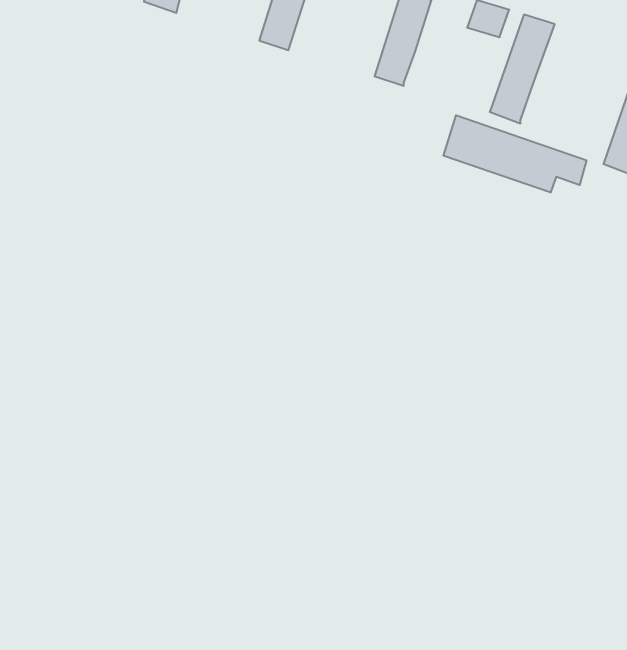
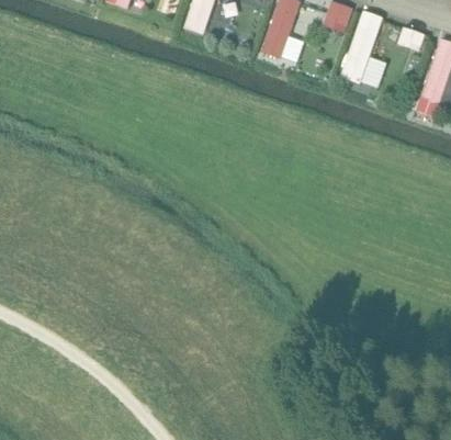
building: [443,115,586,193] -> none

